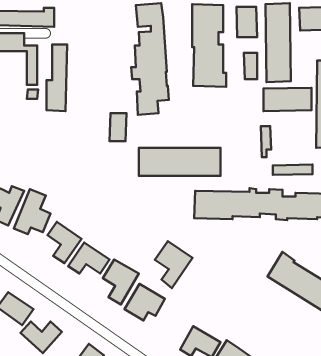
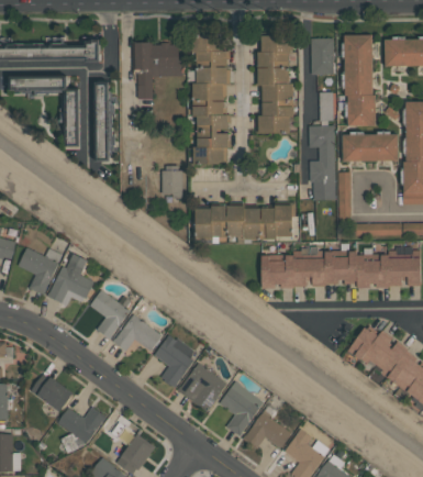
building: none -> [136,44,181,100]
building: none -> [309,126,336,201]
building: [155,241,192,288] -> [220,382,264,437]

